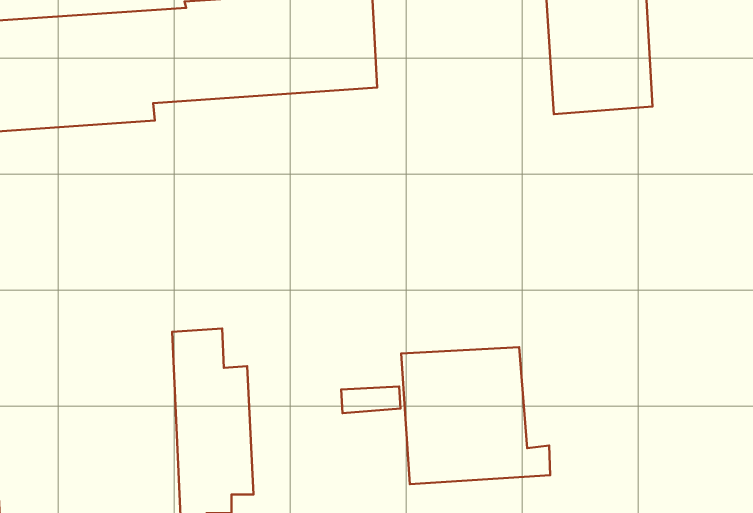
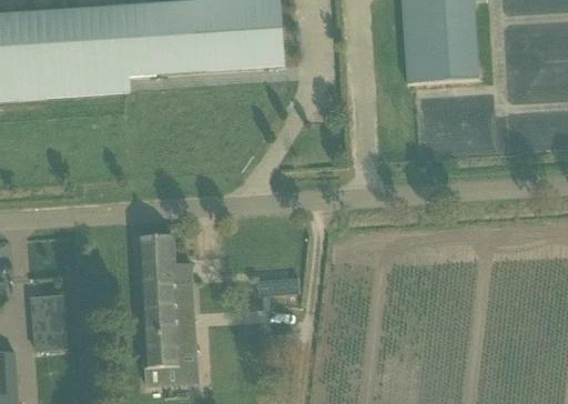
building: [401,347,550,484] -> none
building: none -> [31,295,67,350]

